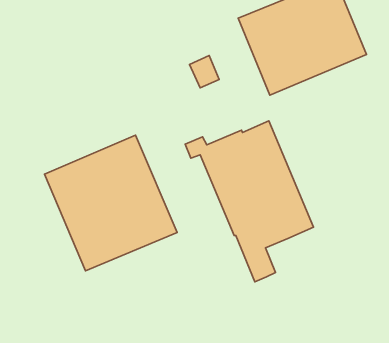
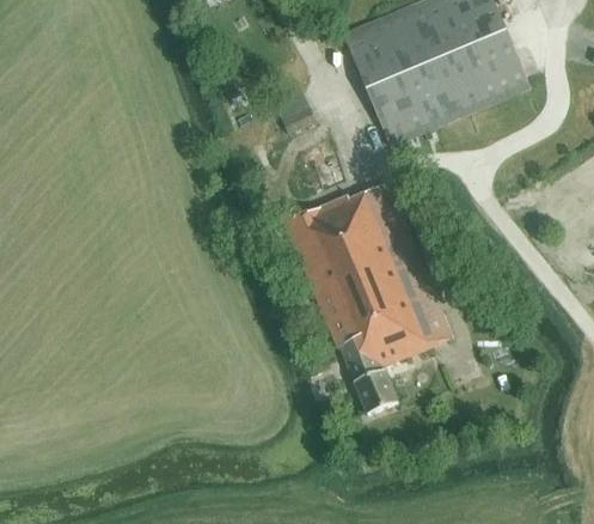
building: [44,135,177,271] -> none

